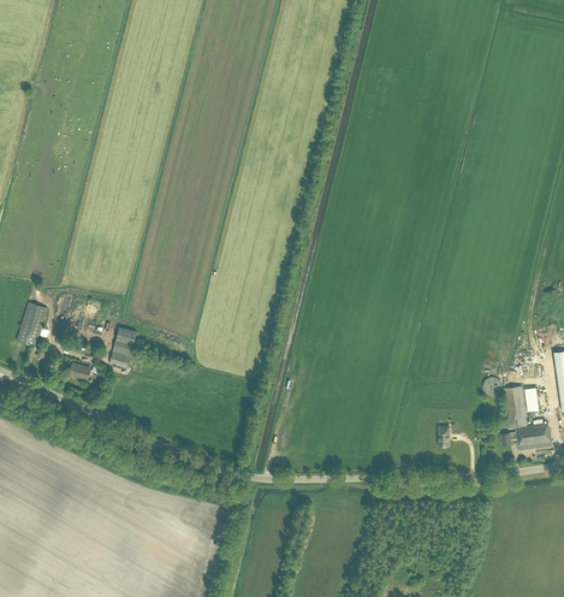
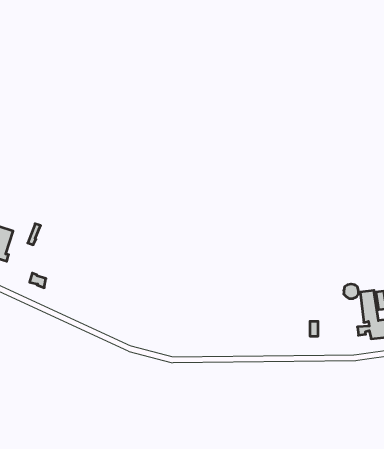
building: [109,326,137,367] -> none

